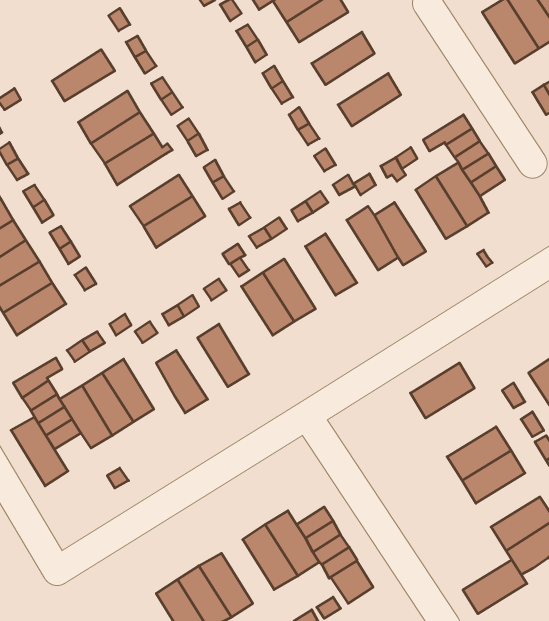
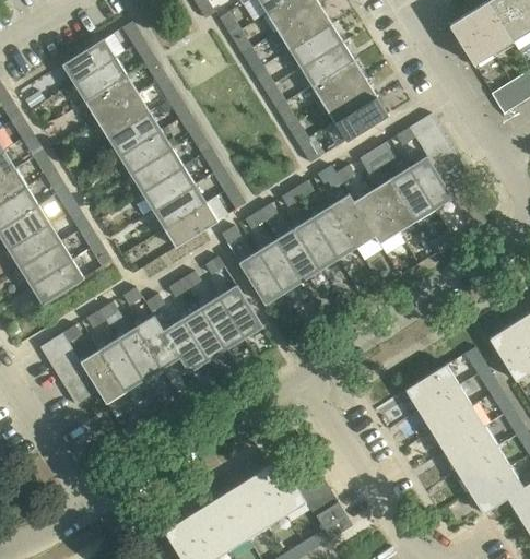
building: none -> [288,24,343,69]
building: none -> [61,34,125,84]
building: none -> [311,60,366,105]
building: none -> [84,75,139,120]
building: none -> [325,96,389,146]
building: none -> [130,147,184,193]
building: none -> [372,179,416,233]
building: none -> [164,202,219,248]
building: none -> [311,205,357,260]
building: none -> [275,228,320,283]
building: none -> [219,284,263,340]
building: none -> [181,308,226,361]
building: none -> [136,316,180,370]
building: [410,363,474,418] -> [404,364,460,412]
building: [11,417,68,486] -> none
building: none -> [221,484,267,539]
building: [463,560,527,614] -> [443,426,498,473]

